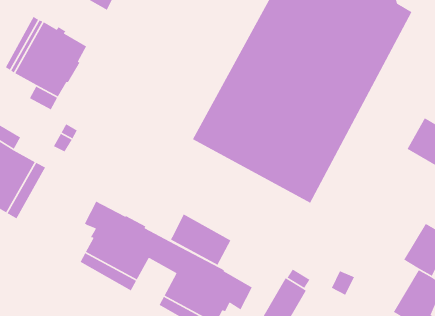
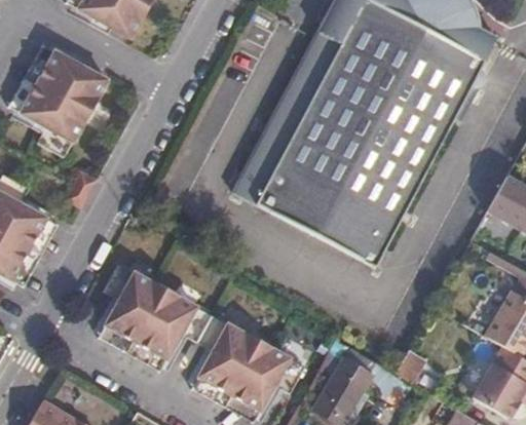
building: [170,213,232,266] -> none

